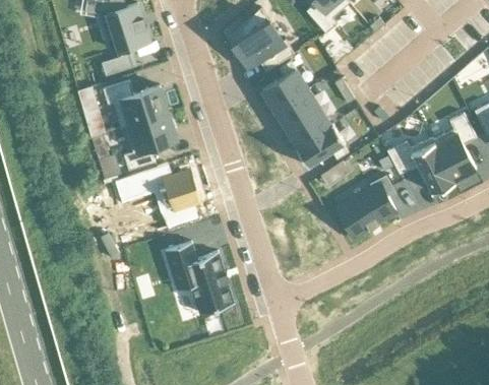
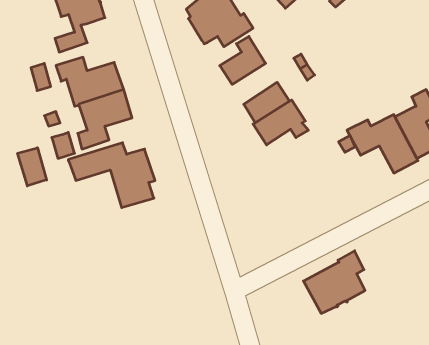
building: [274,86,318,126] -> none
building: none -> [18,148,47,186]
building: [337,177,396,238] -> [303,251,365,313]
building: [165,241,234,313] -> none

